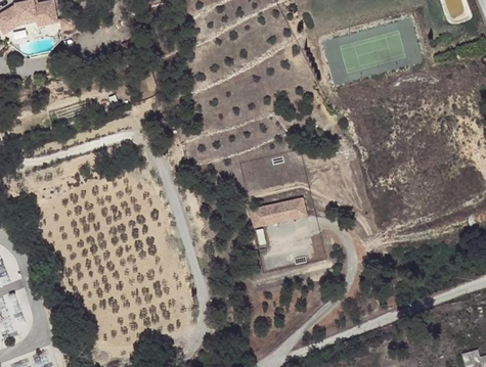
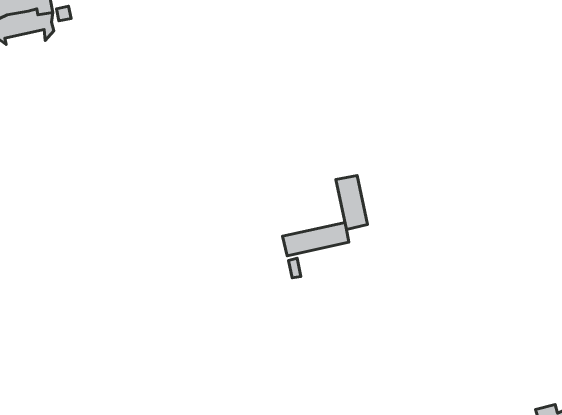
building: none -> [336,176,367,229]

